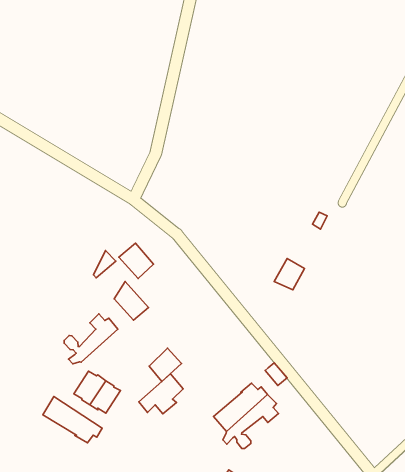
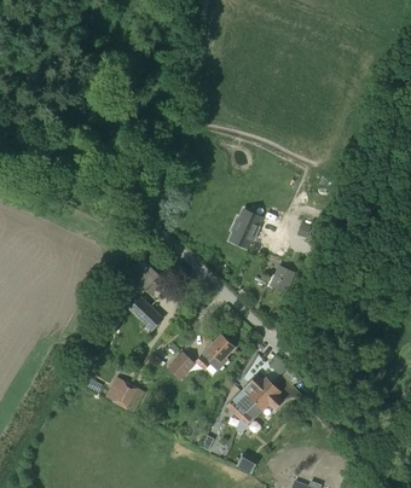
building: none -> [230,208,262,249]
building: [64,314,118,364] -> none
building: [139,374,183,414] -> [196,336,233,371]
building: [43,397,102,443] -> none

